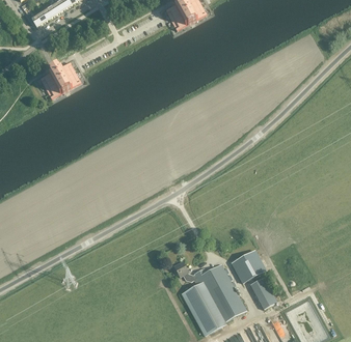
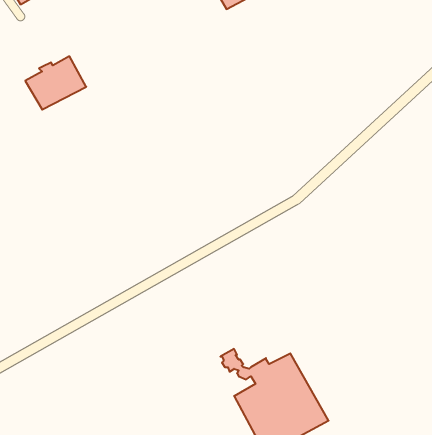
building: [231,249,265,282] -> none
building: [249,276,277,309] -> none

